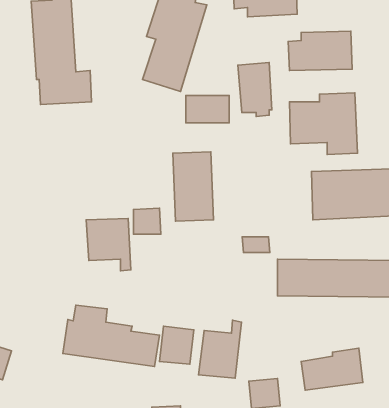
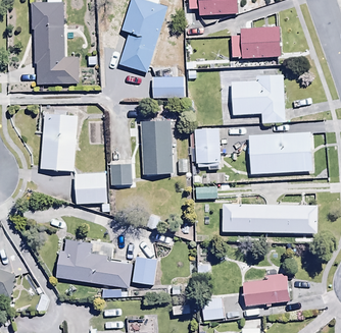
building: [238,63,272,116] -> [195,128,222,170]
building: none -> [41,114,78,170]
building: [199,320,241,378] -> none

